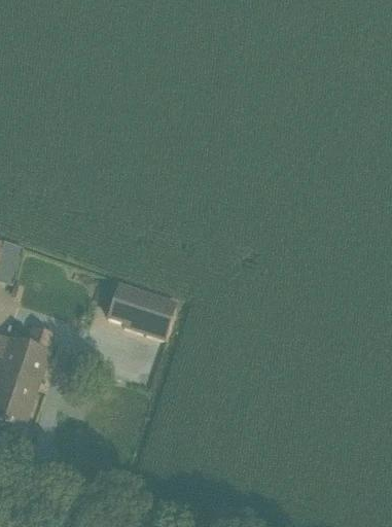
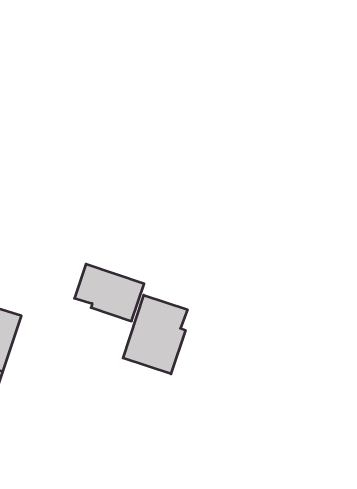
building: none -> [123,295,187,374]

